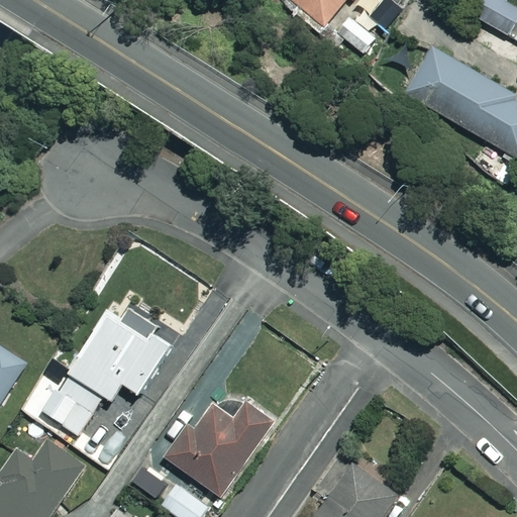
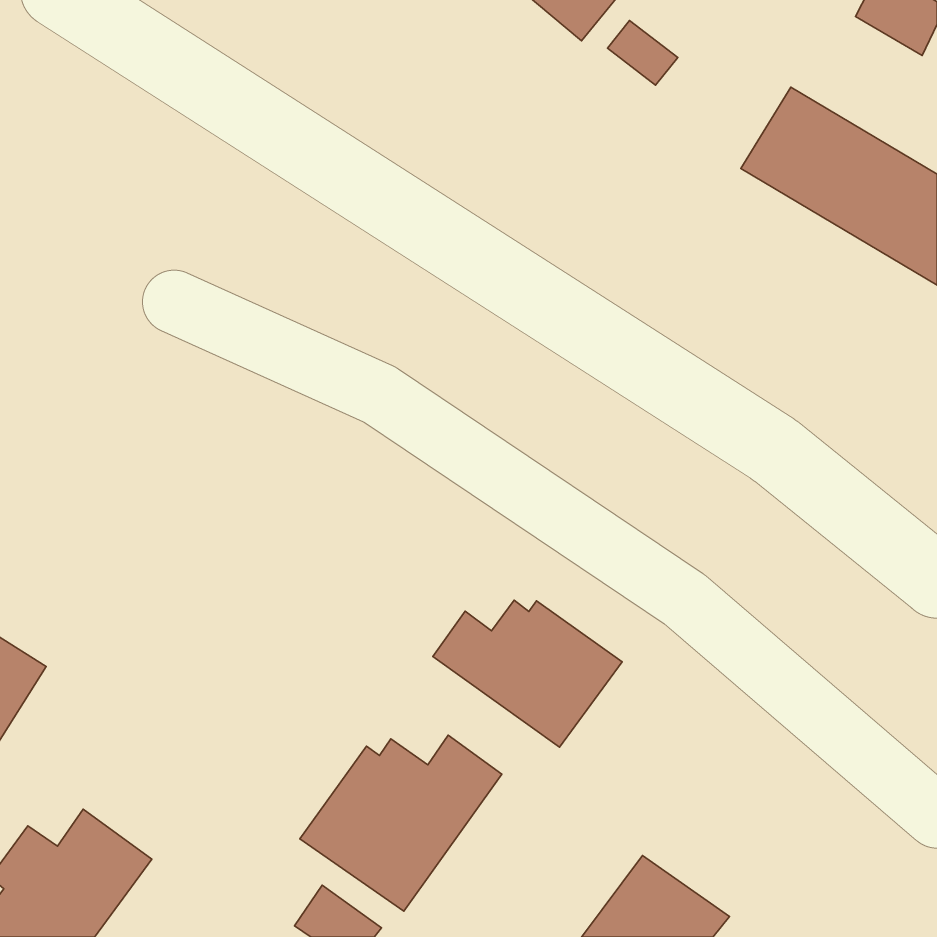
building: [41,307,172,434] -> none
building: none -> [433,600,622,747]

